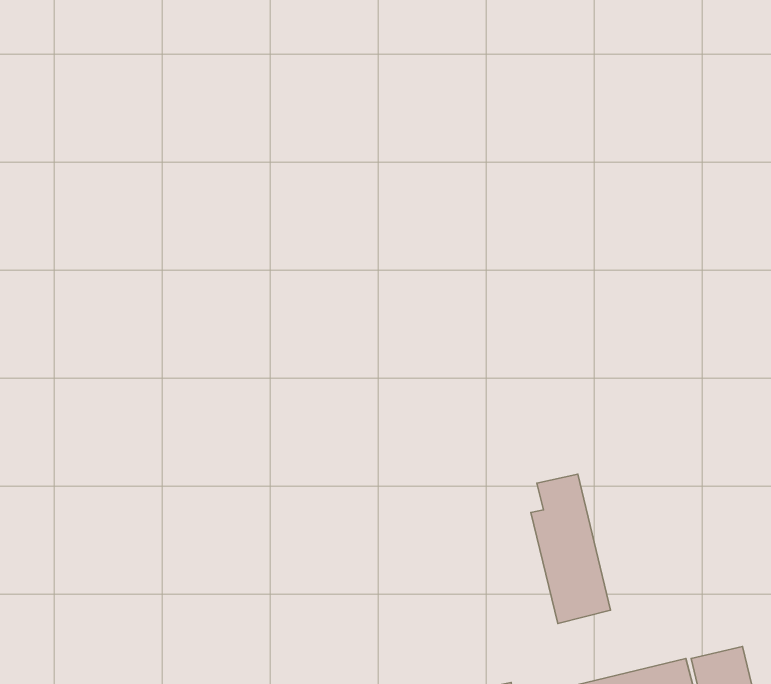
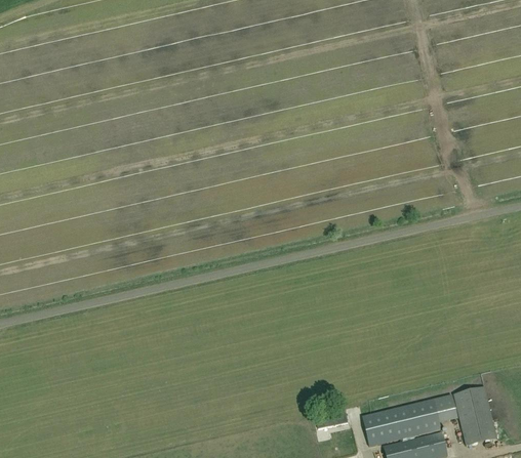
building: [531,474,611,623] -> none

